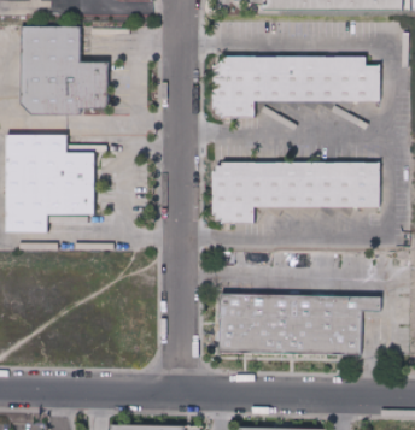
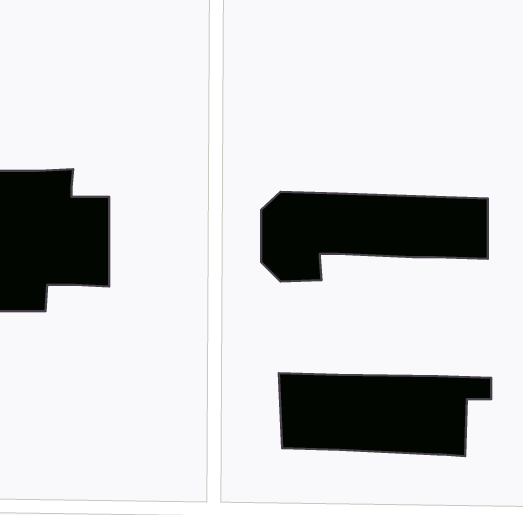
building: [21,33,107,131] -> none
building: [211,52,375,113] -> none

